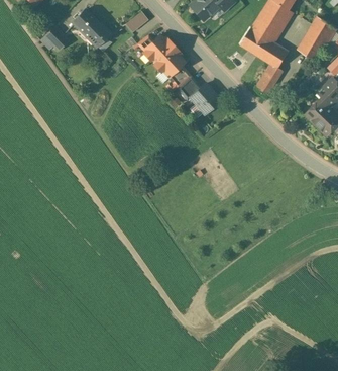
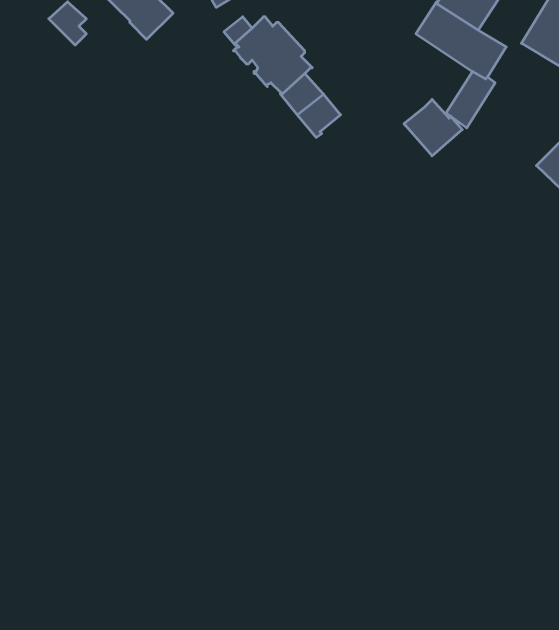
building: [189,84,220,114] -> [404,99,462,156]

